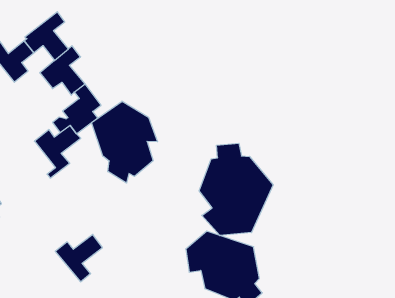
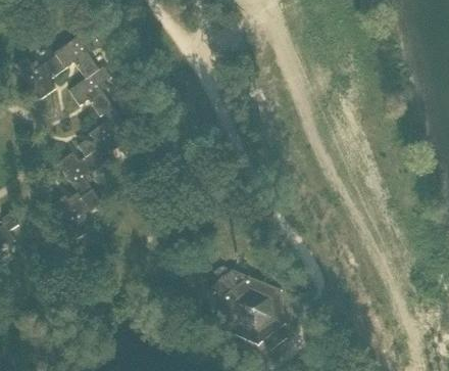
building: [92,101,158,183] -> none
building: [199,143,273,236] -> none
building: [55,234,102,282] -> [50,188,100,237]

